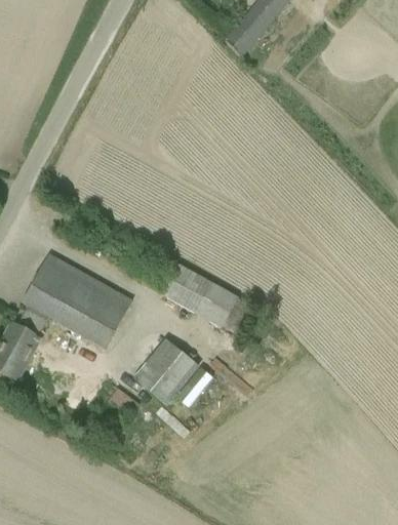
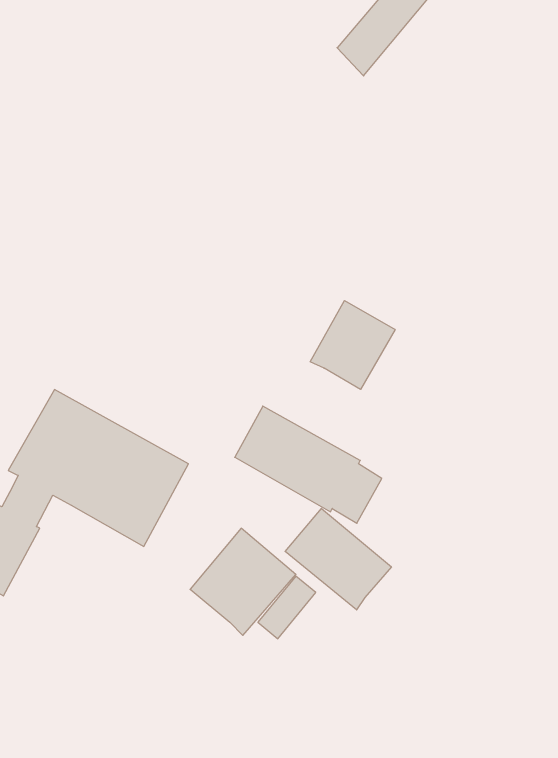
building: none -> [310,301,395,389]
building: none -> [285,508,391,610]

